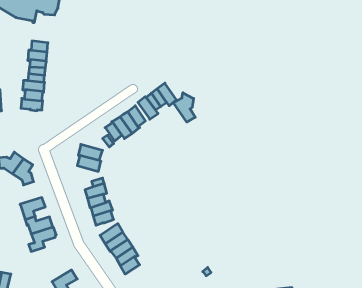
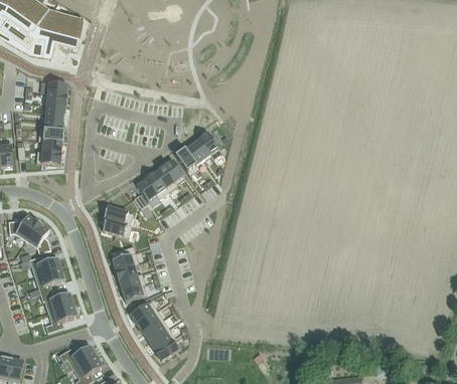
building: [174,93,195,122] -> none
building: none -> [29,255,60,276]
building: none -> [58,344,97,369]

